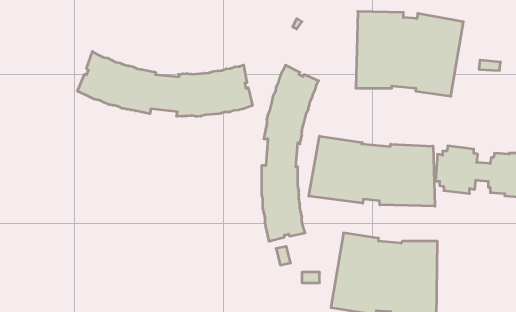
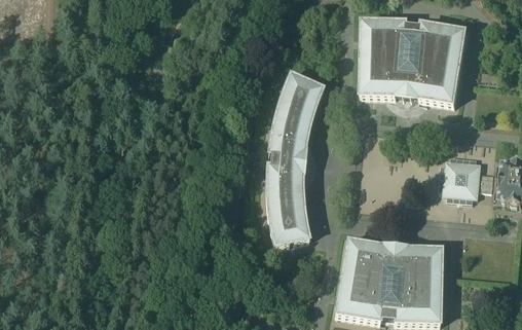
building: [78,51,252,117] -> none
building: [309,136,435,206] -> none

